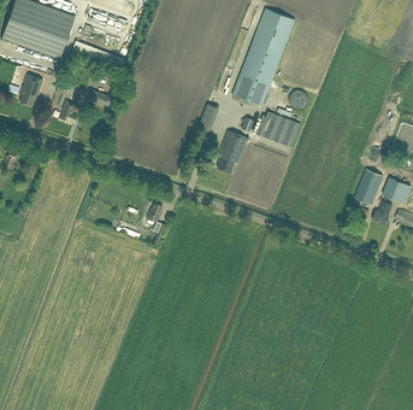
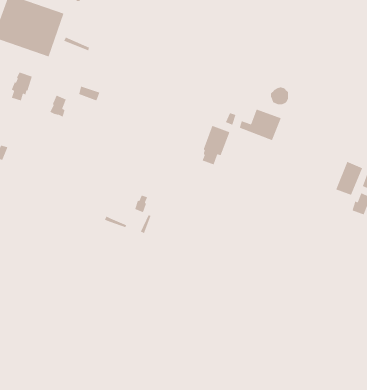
building: [231,8,295,106] -> none

